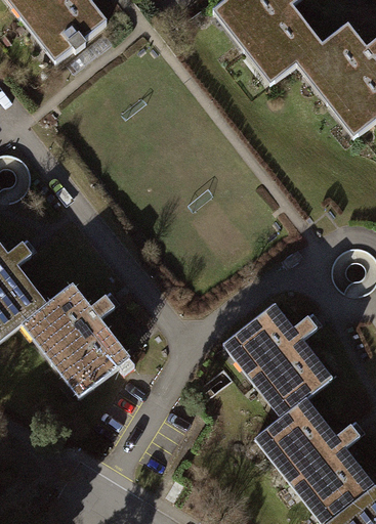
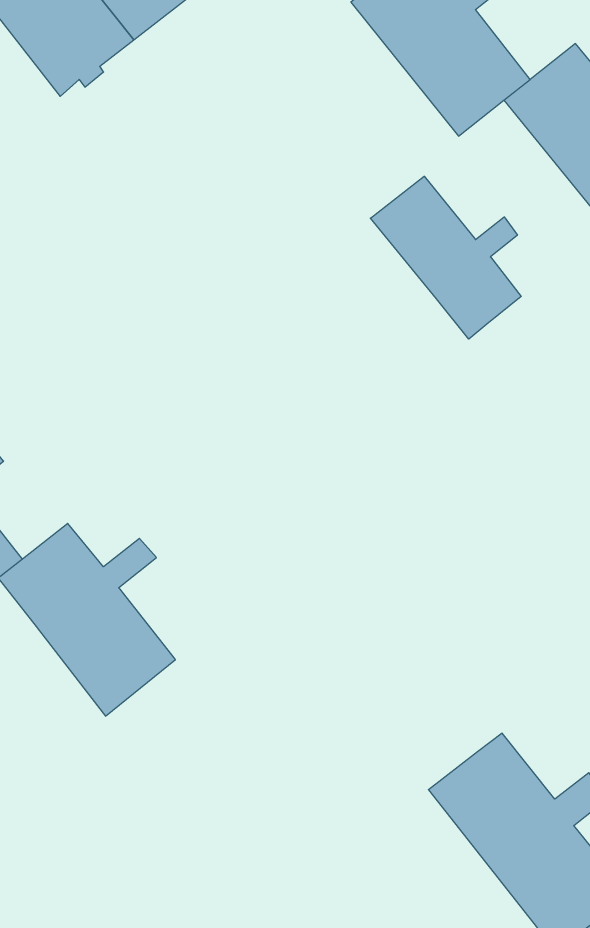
building: none -> [370,176,521,339]
building: [226,310,324,414] -> none

